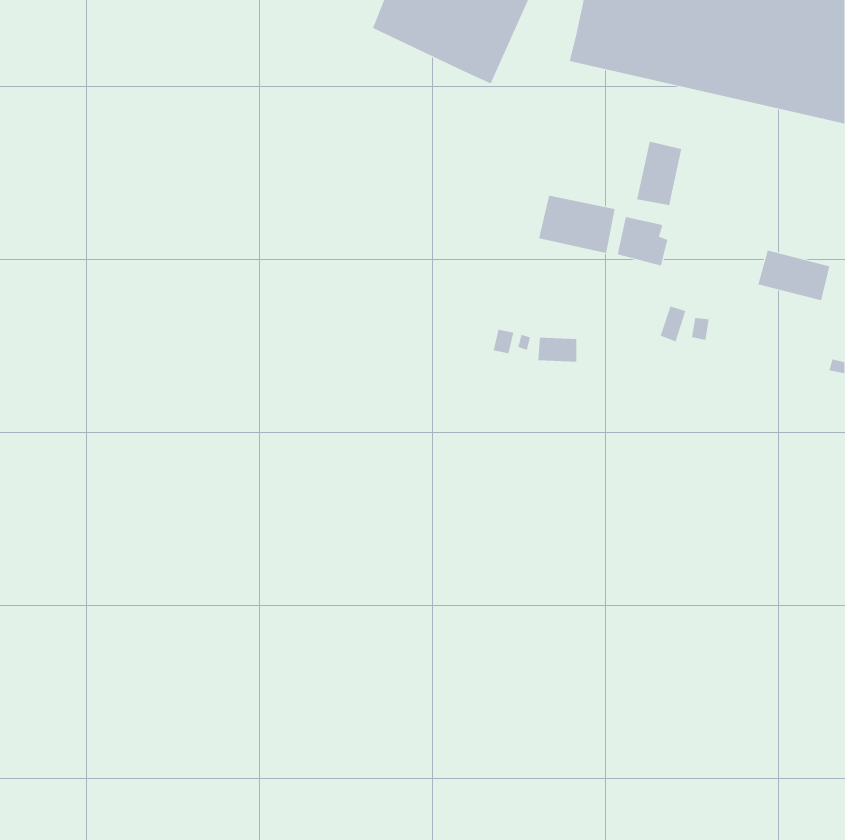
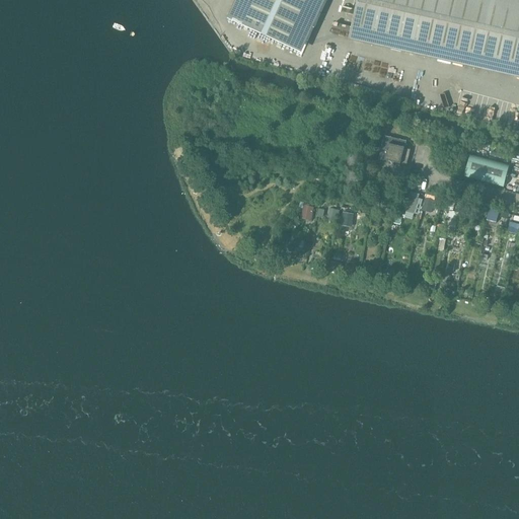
building: [637,141,682,206] -> none
building: [538,195,615,254] -> none

